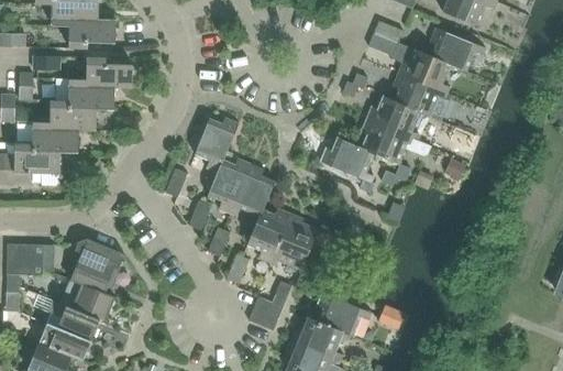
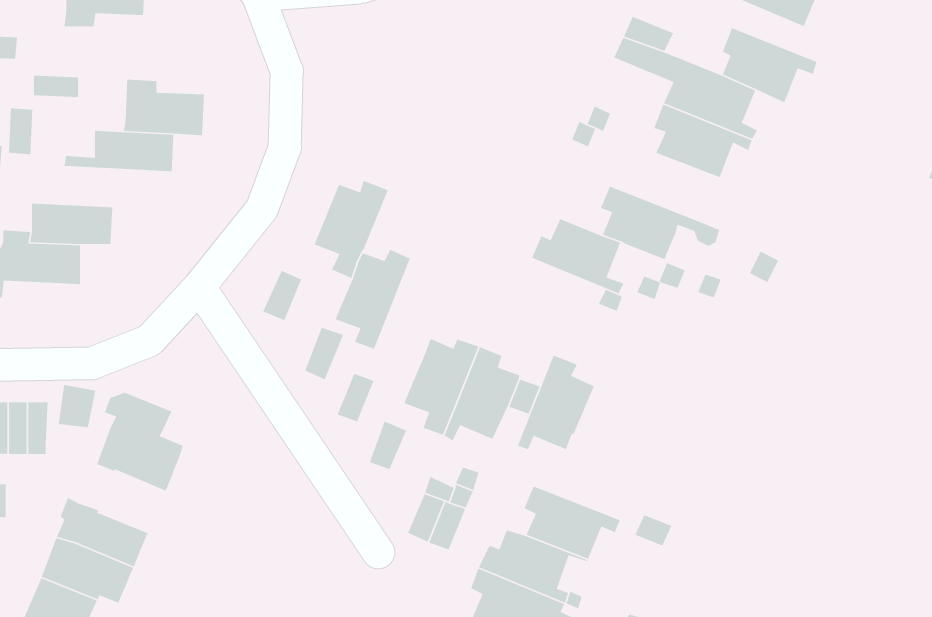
building: [68,20,114,48] -> none
building: [365,97,429,139] -> none
building: [32,108,97,131] -> none
building: [230,161,275,216] -> [517,355,595,450]
building: [59,280,115,323] -> none

